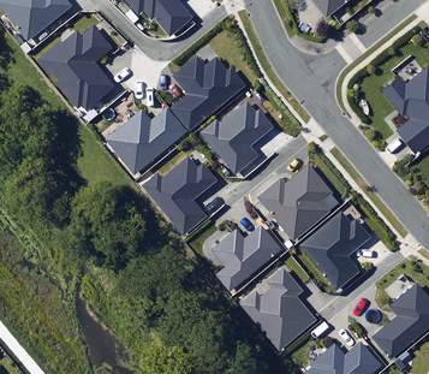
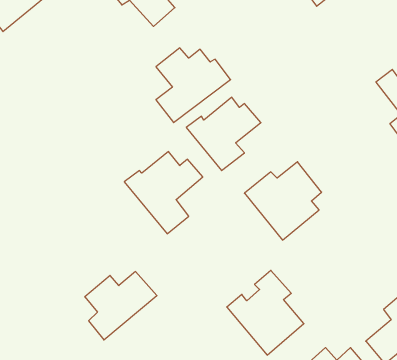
building: [41,22,114,112] -> none
building: [108,108,187,173] -> none
building: [302,212,368,287] -> none
building: [213,225,281,290] -> [85,272,157,340]

